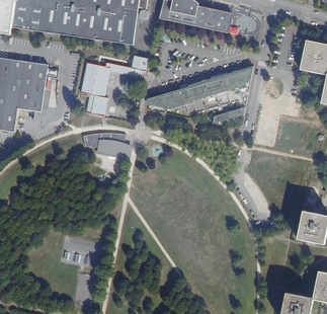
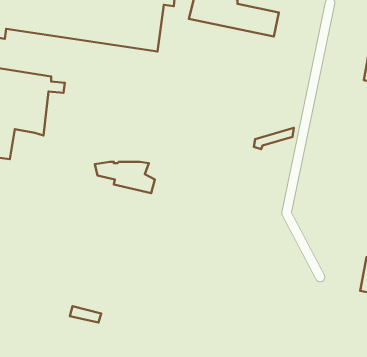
building: [81,55,148,115] -> none
building: [146,66,253,113] -> none

